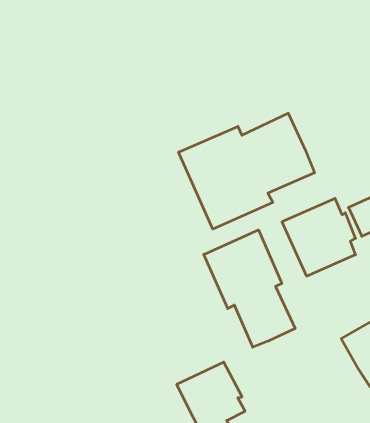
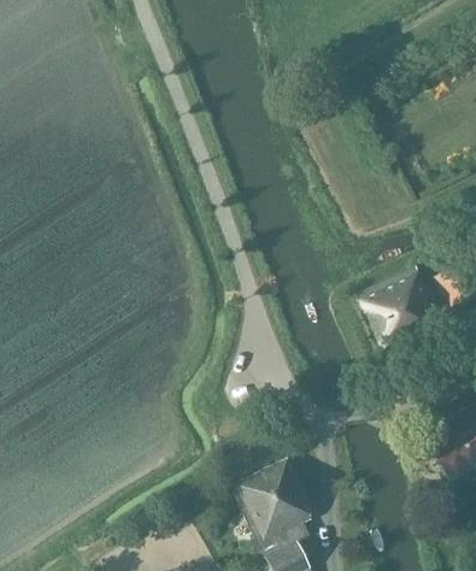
building: [179,113,315,229] -> none
building: [204,230,295,347] -> none

